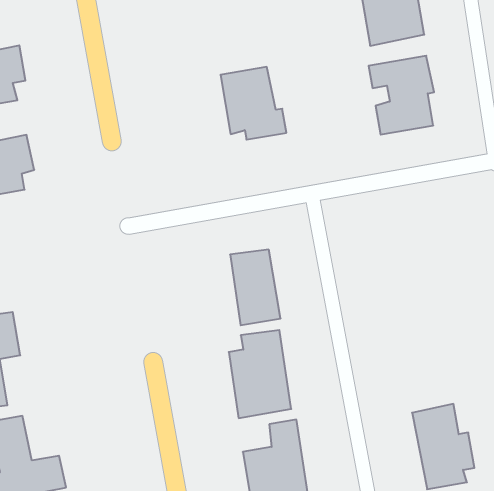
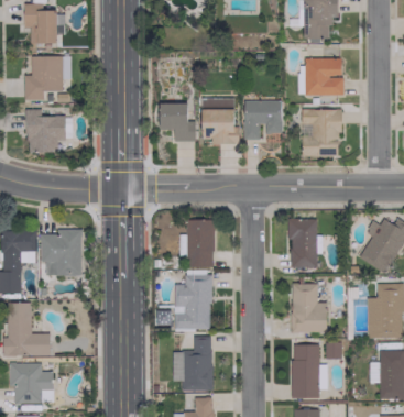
building: none -> [243,100,282,140]
building: none -> [160,103,195,142]
building: none -> [287,219,321,267]
building: none -> [40,231,81,275]
building: none -> [291,284,327,332]

